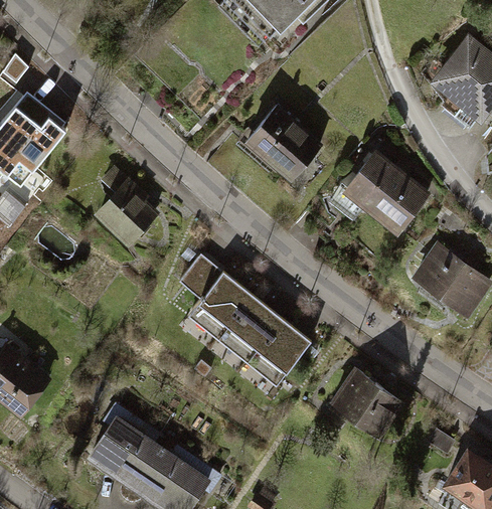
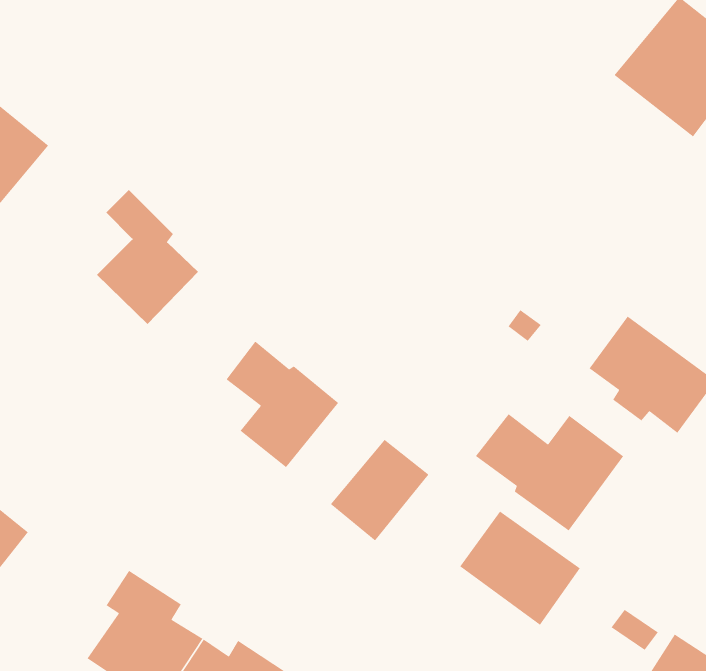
building: [244,102,325,181] -> none
building: [335,147,435,236] -> none
building: [217,297,281,362] -> none
building: none -> [475,413,624,531]

